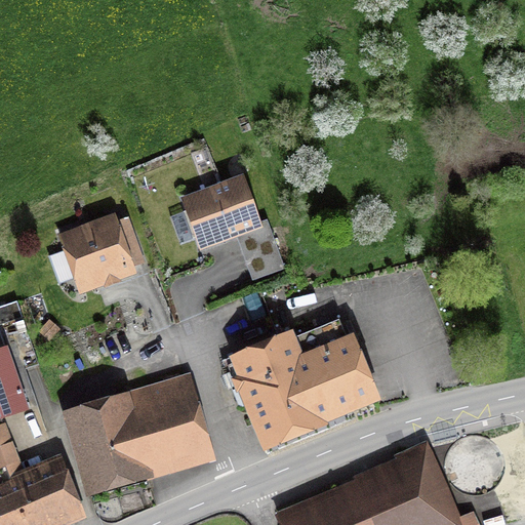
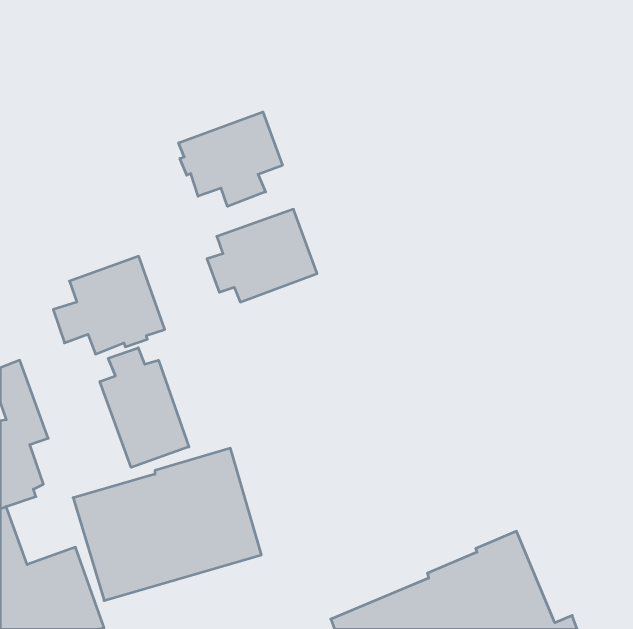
building: none -> [179,112,282,206]
building: none -> [100,348,189,467]
building: [229,318,381,453] -> none

